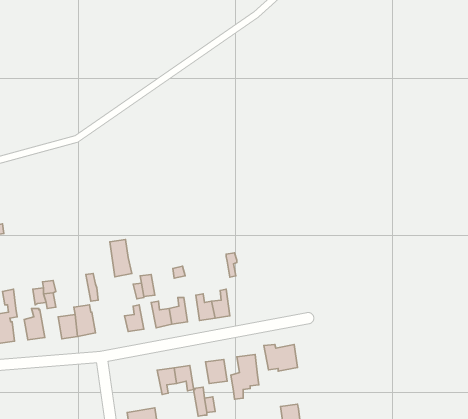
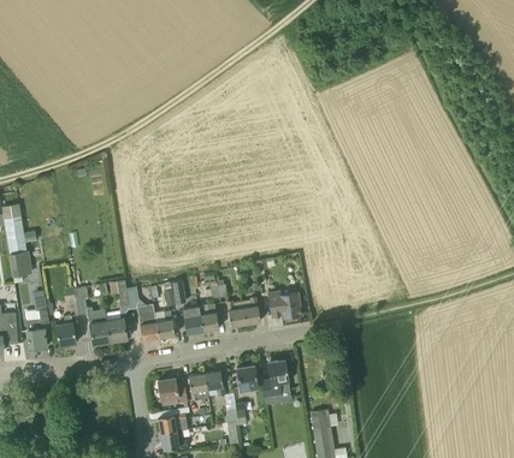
building: [110,239,132,277] -> [137,305,159,343]
building: [264,344,298,371] -> [267,293,301,320]
building: none -> [158,380,185,406]

